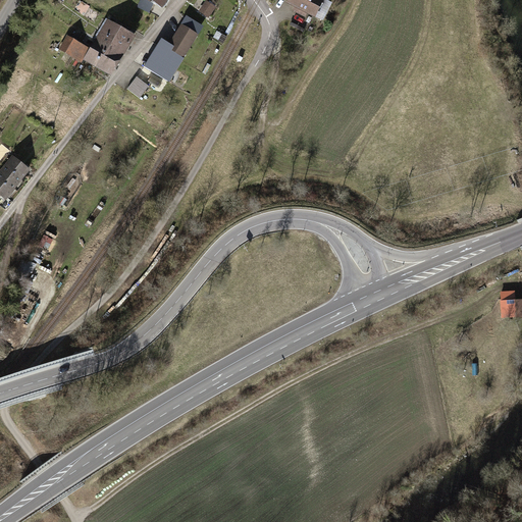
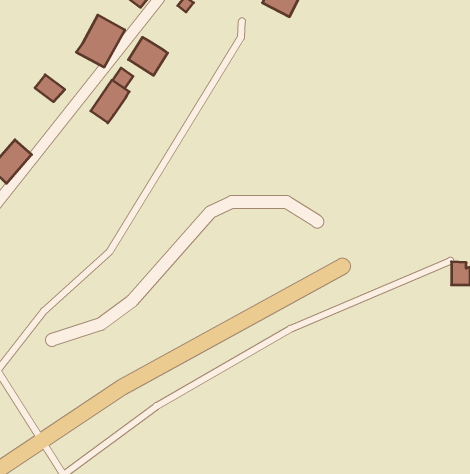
building: [163,21,195,55] -> none
building: [58,31,91,60] -> [35,75,65,102]
building: none -> [91,80,129,123]

